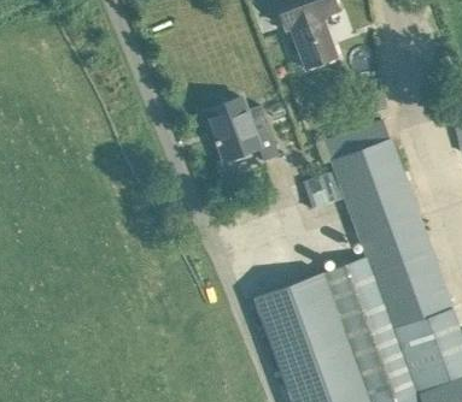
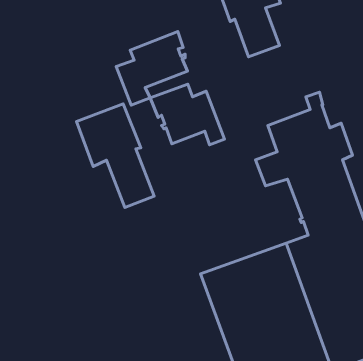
building: none -> [116,32,187,105]
building: none -> [76,104,154,207]

